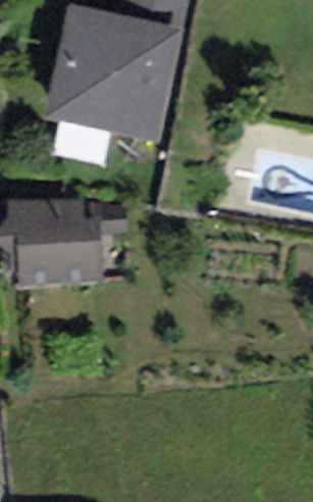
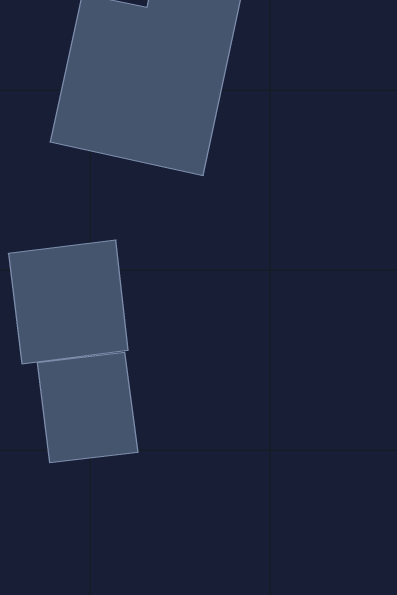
building: none -> [37,352,138,463]

